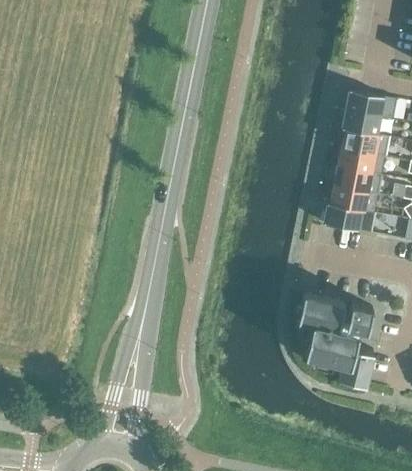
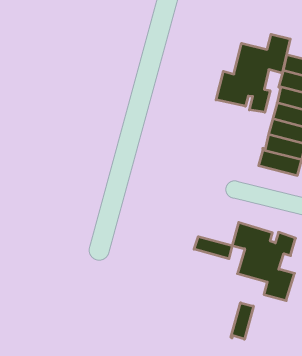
building: none -> [216,34,290,112]
building: none -> [194,237,232,259]
building: none -> [231,303,253,339]

